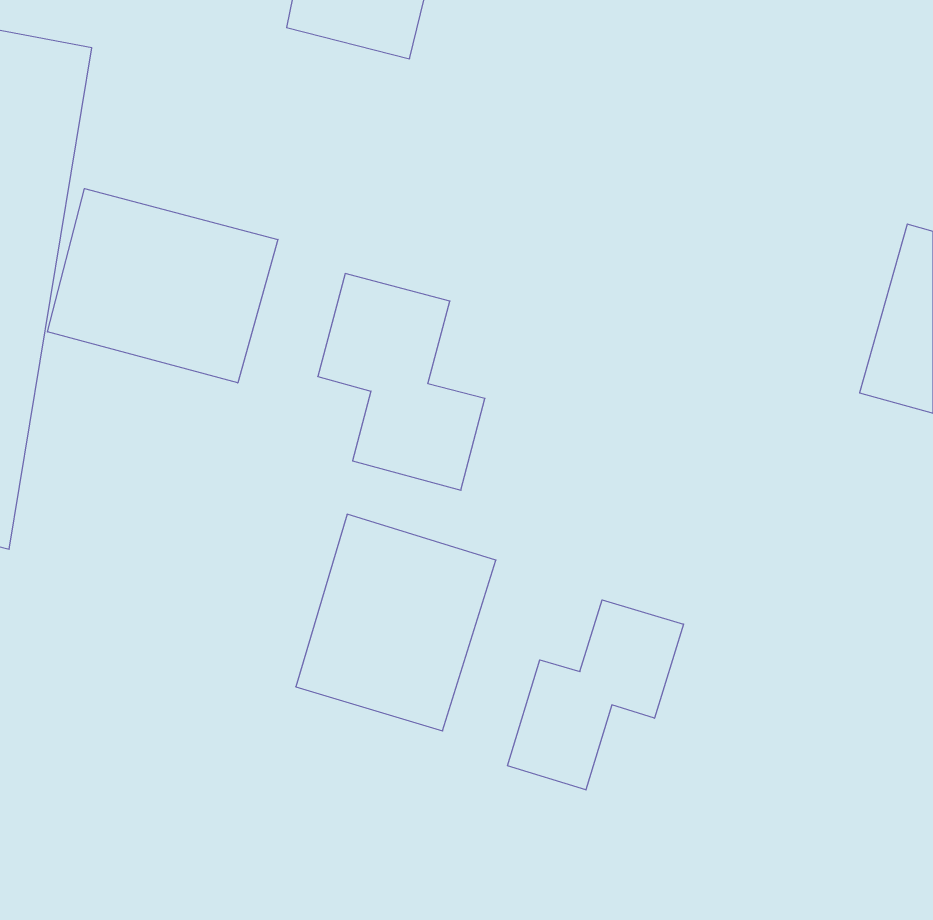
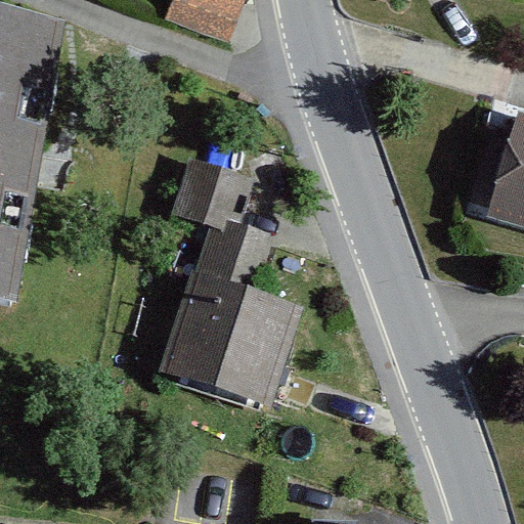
building: [47,189,278,383] -> none
building: [508,600,684,790] -> none

